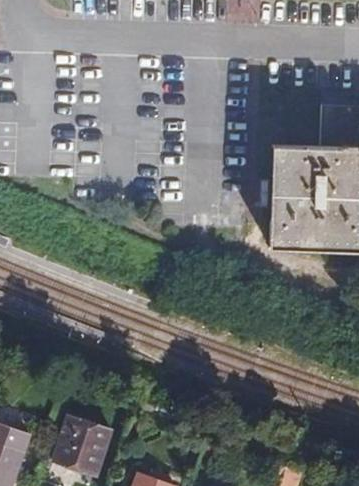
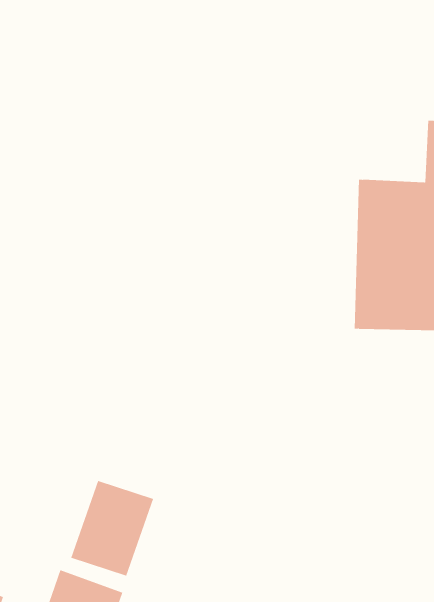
building: none -> [71,480,154,576]

